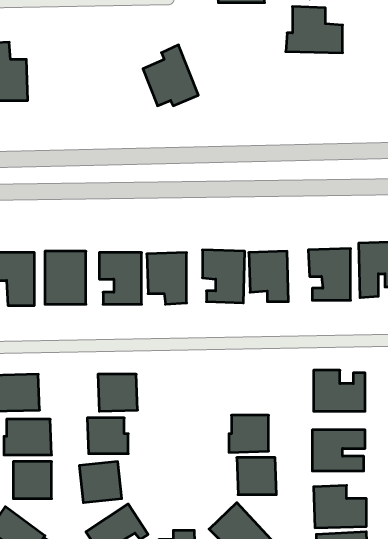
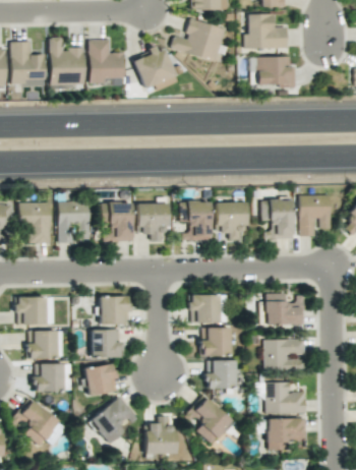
building: none -> [171,19,226,61]
building: none -> [50,37,85,85]
building: none -> [90,40,125,83]
building: none -> [257,57,296,86]
building: none -> [190,294,227,322]

